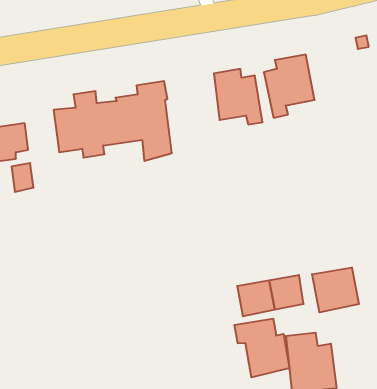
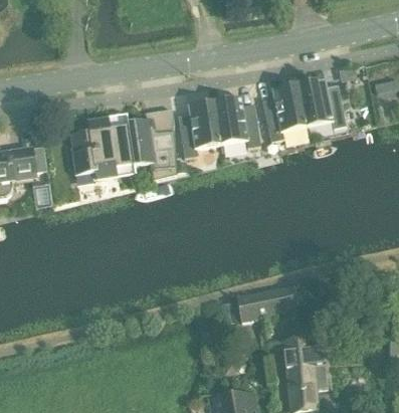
building: none -> [300,77,346,127]
building: none -> [177,99,221,156]
building: [312,267,359,312] -> none
building: [234,319,289,377] -> none

